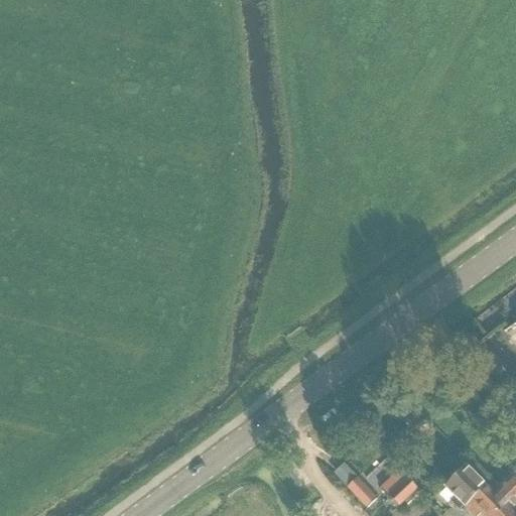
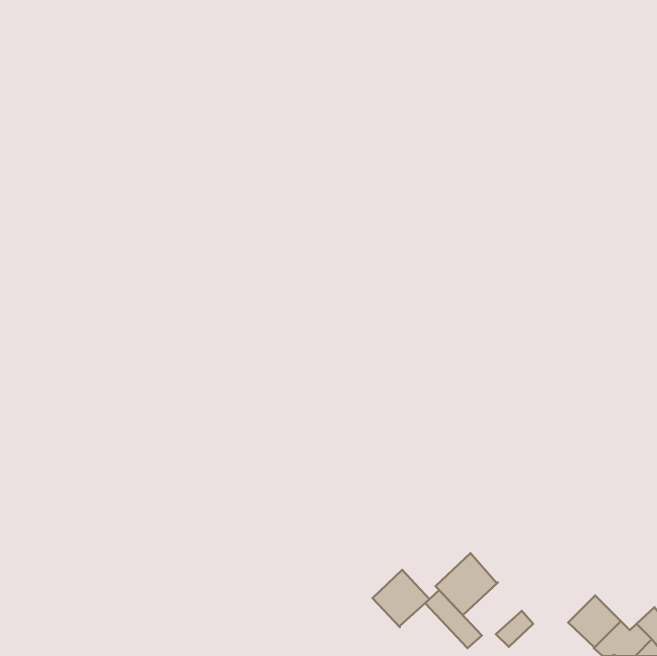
building: none -> [435,553,498,615]
building: none -> [372,570,430,627]

